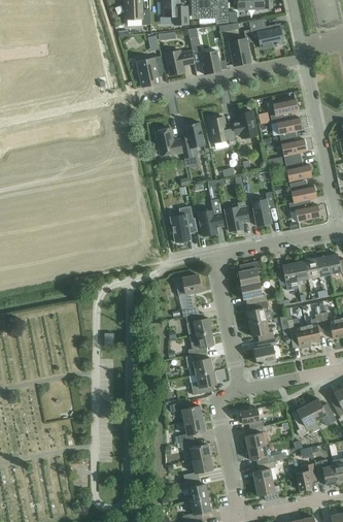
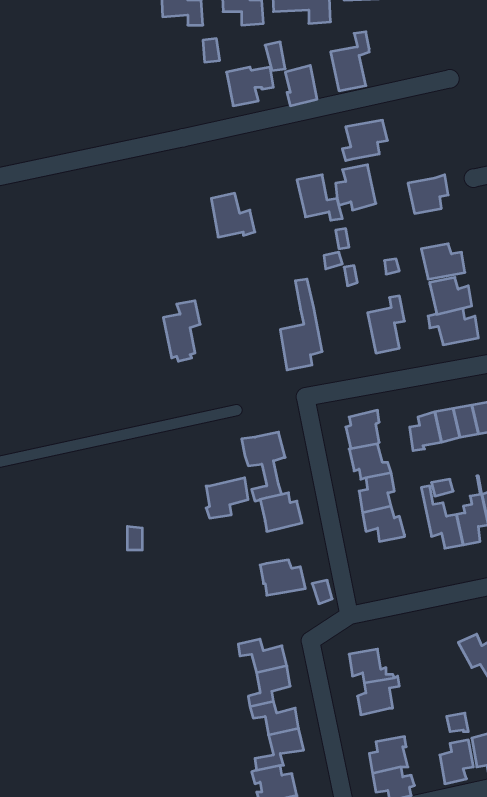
building: [248,19,283,47] -> none
building: [136,56,164,87] -> none
building: [270,98,298,123] -> [342,120,388,161]
building: [179,122,204,158] -> none
building: [281,138,306,162] -> none
building: [225,200,248,231] -> none
building: [170,206,193,243] -> [163,301,200,361]
building: [187,330,213,355] -> [206,478,248,518]
building: [253,337,280,364] -> none
building: [191,370,215,395] -> none
building: [293,403,319,435] -> none
building: [247,444,280,464] -> none

